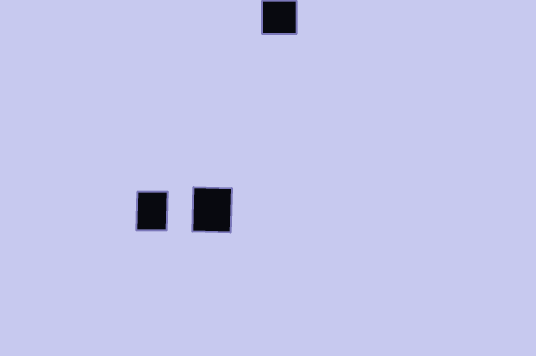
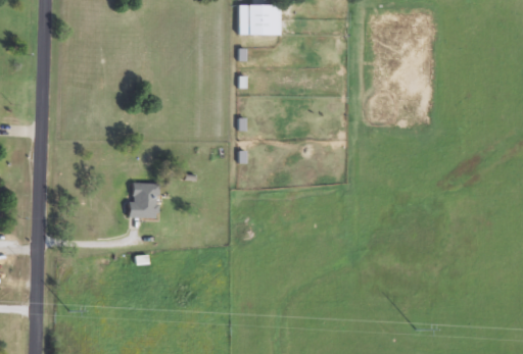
building: [192,187,232,233] -> none

